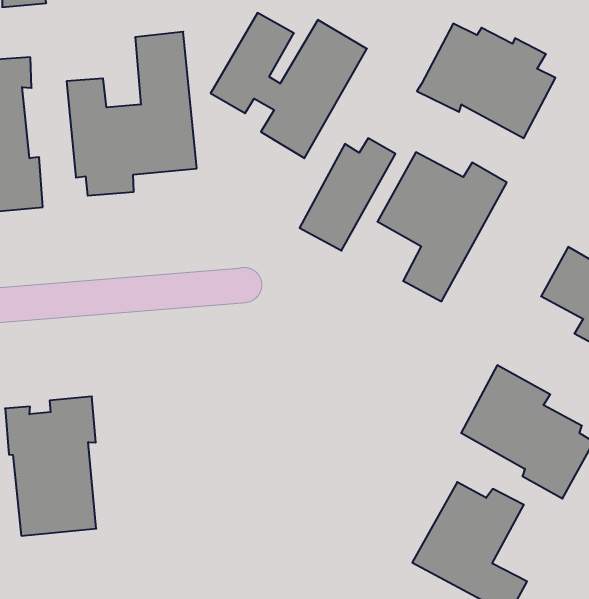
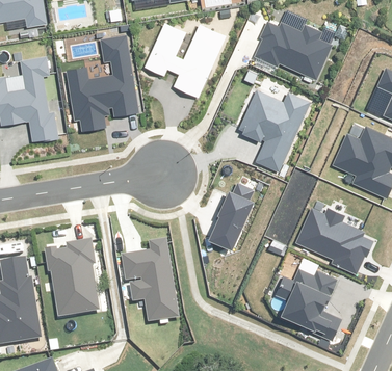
building: [300,138,395,251] -> [207,185,256,247]
building: none -> [125,242,180,321]

